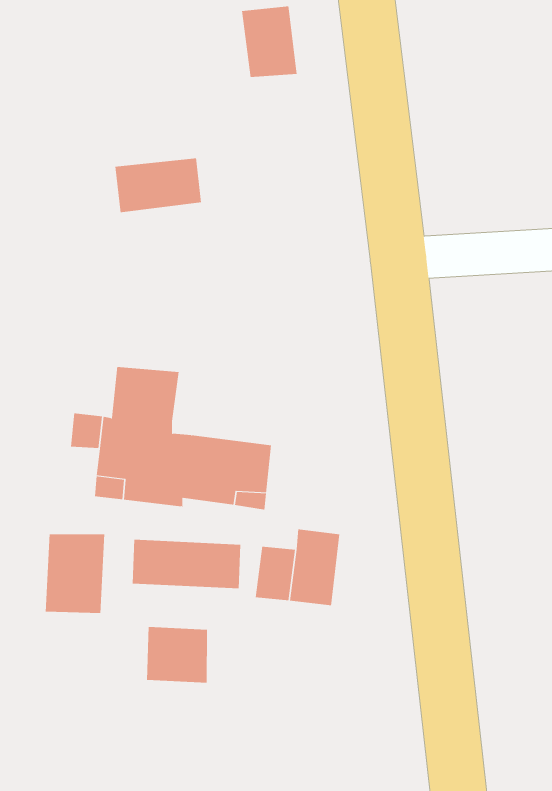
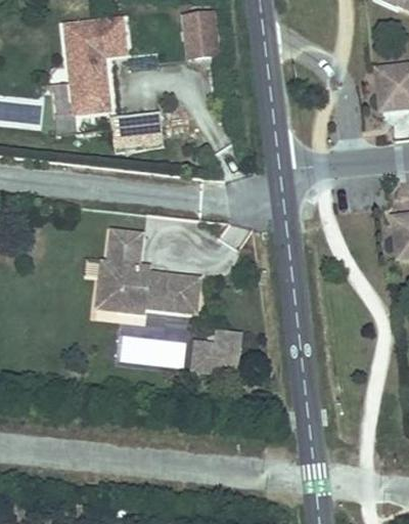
building: none -> [63,18,125,108]
building: [45,533,105,614] -> none
building: [146,626,208,683] -> none

